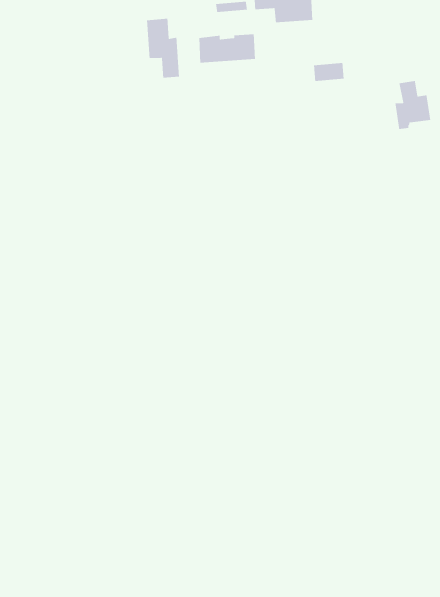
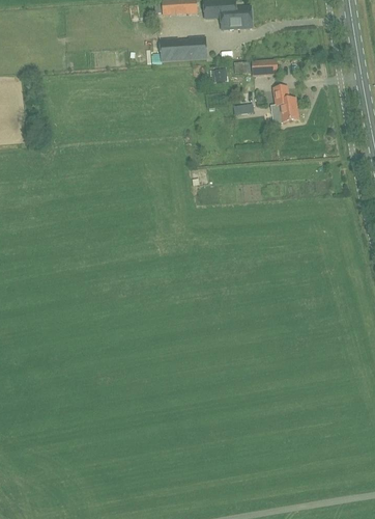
building: [146,18,180,79] -> none
building: [395,80,431,130] -> [270,86,299,126]

